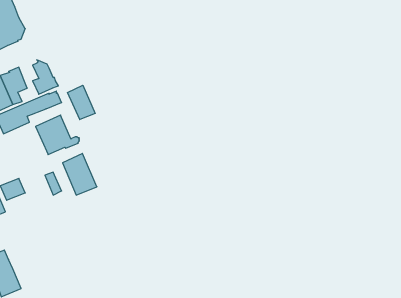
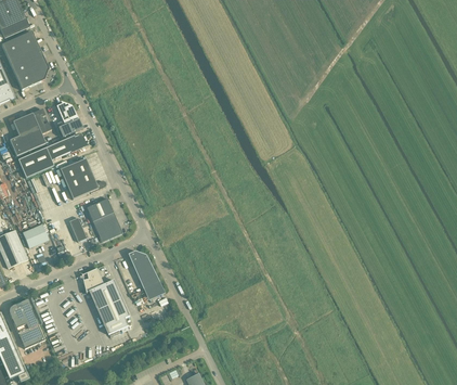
building: [67,85,95,120] -> none
building: none -> [128,251,159,287]
building: none -> [78,267,129,333]

